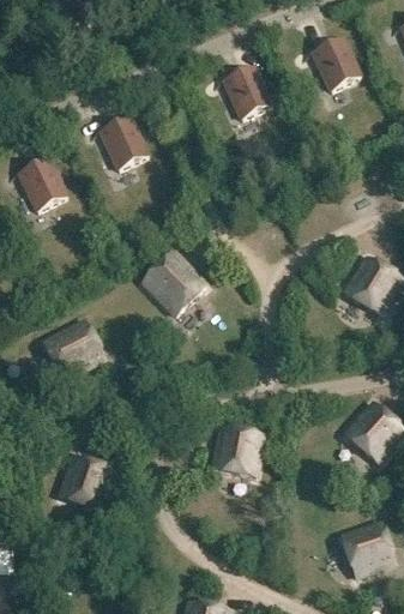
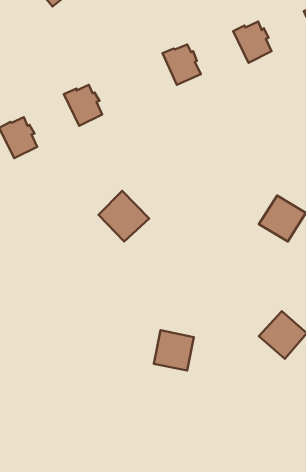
building: [41,318,103,378] -> none
building: [58,455,113,508] -> none
building: [339,520,393,574] -> none

